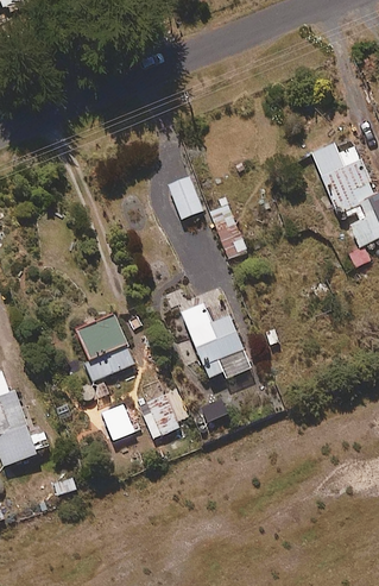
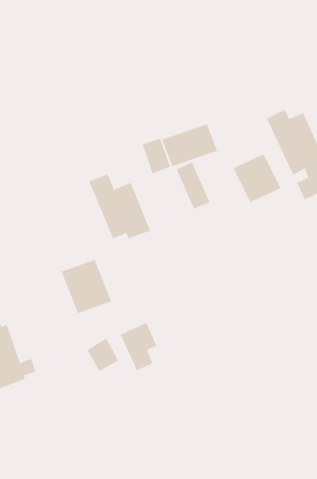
building: none -> [162,124,218,167]
building: none -> [233,153,281,203]
building: [179,303,251,378] -> [89,174,151,239]

